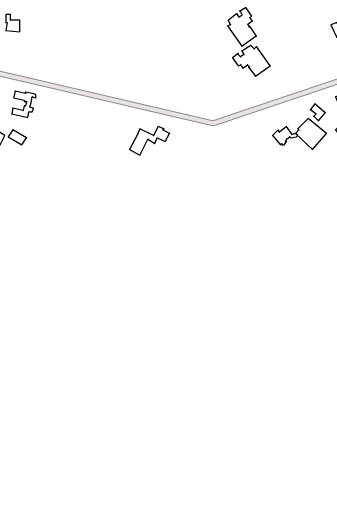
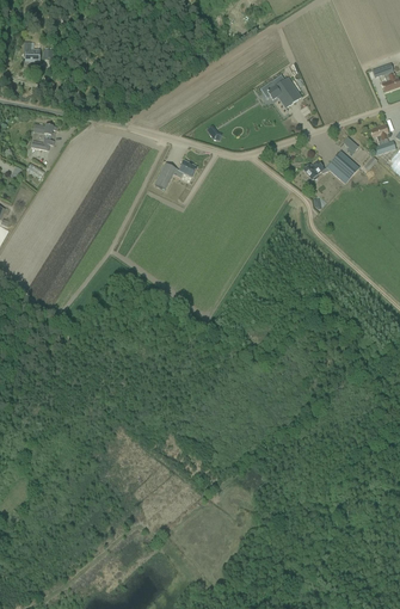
building: [228,8,256,46] -> none

